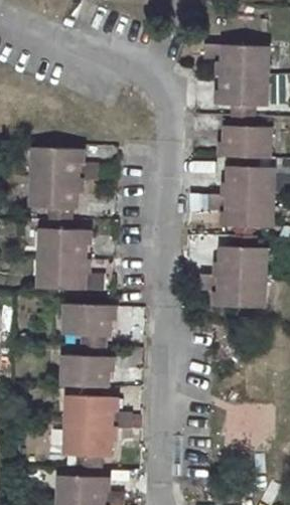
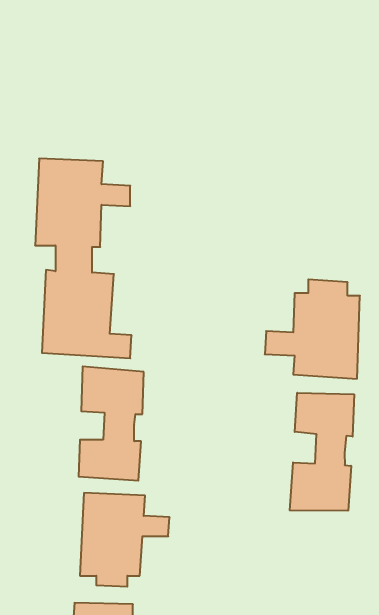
building: [207,41,277,227] -> none
building: none -> [290,393,354,511]

